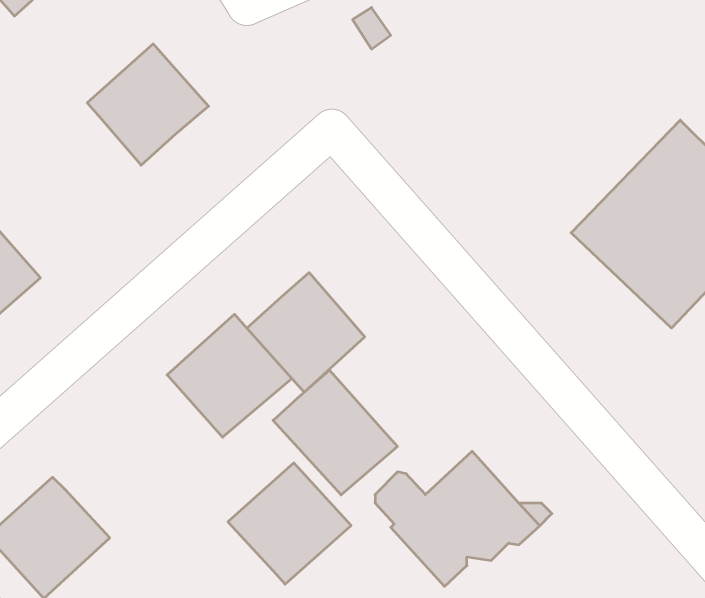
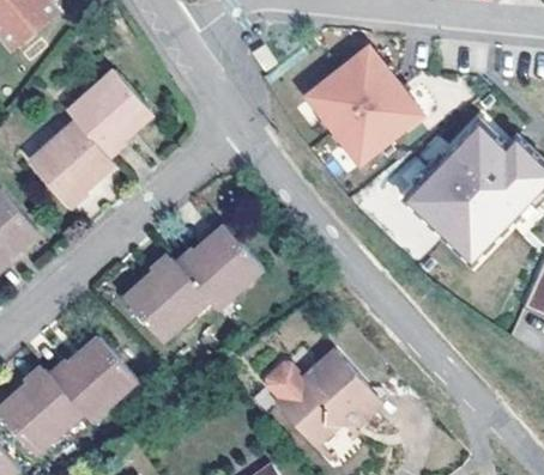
building: none -> [307,48,421,163]
building: none -> [29,117,113,201]
building: [273,370,397,495] -> none
building: [228,463,351,584] -> [53,335,138,419]

